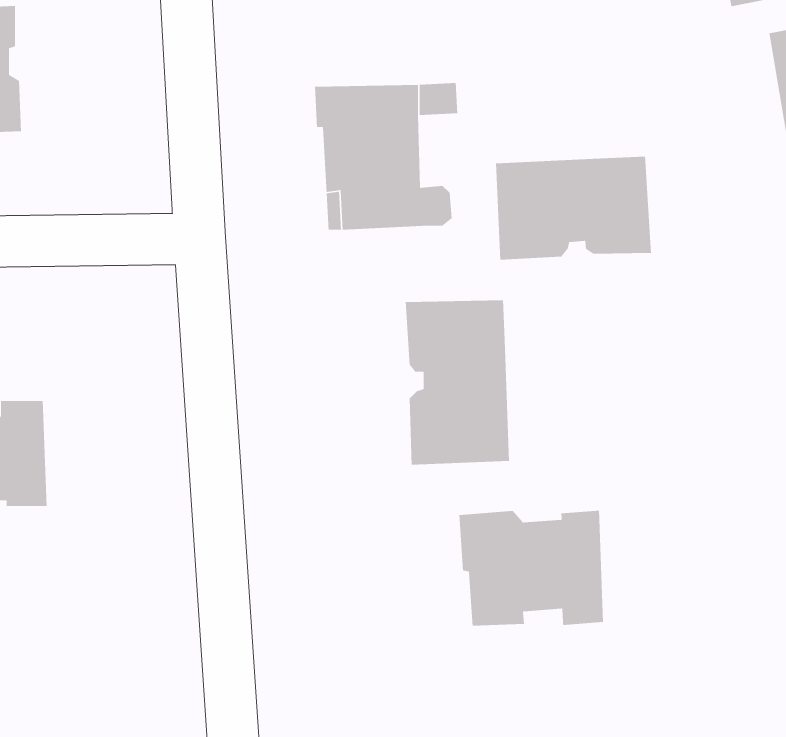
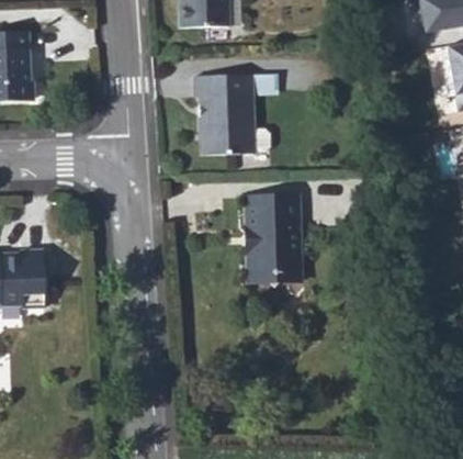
building: [495,156,652,261] -> none
building: [458,510,604,627] -> none

